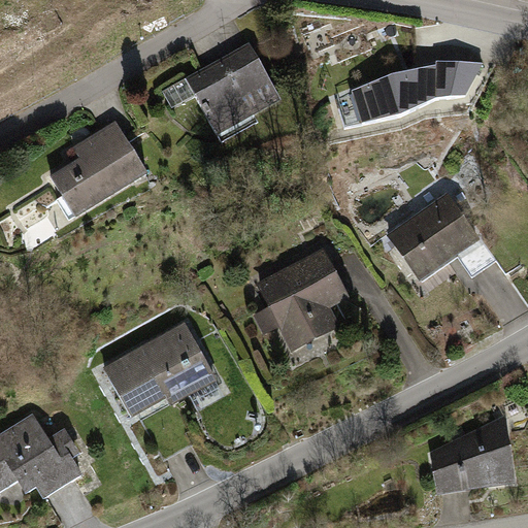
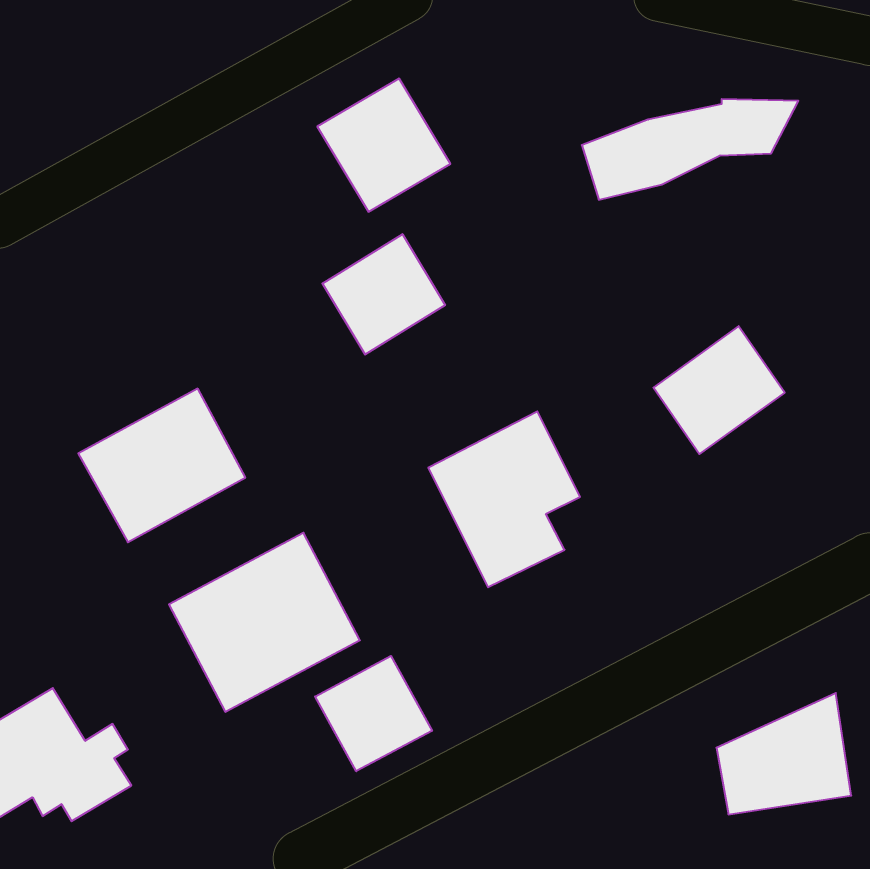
building: [44,127,145,220] -> [78,389,245,542]
building: none -> [322,234,445,355]
building: none -> [315,656,432,771]

